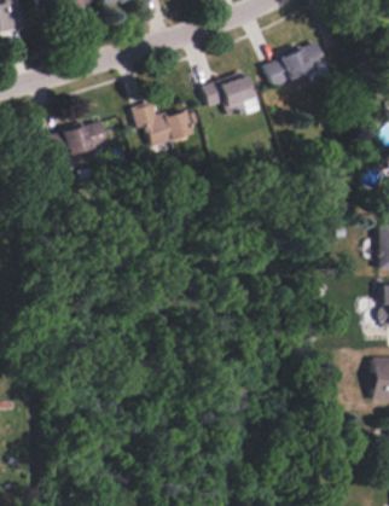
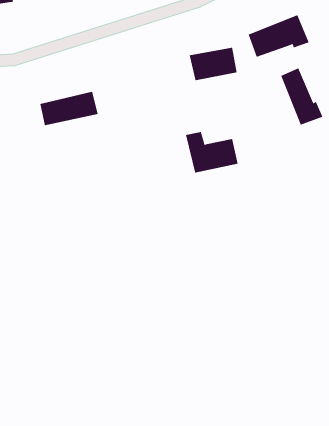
building: none -> [281,67,323,126]
building: [138,104,193,147] -> [185,131,239,173]

